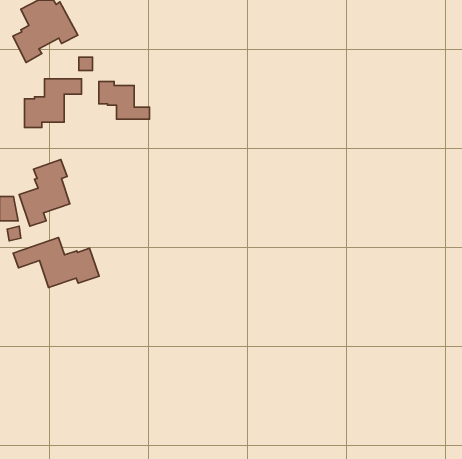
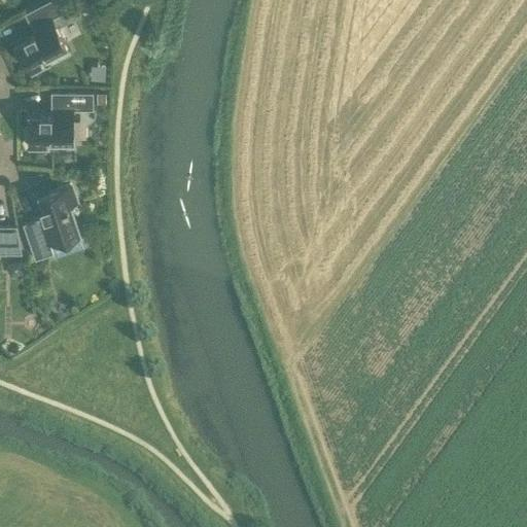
building: [99,81,150,119] -> none
building: [13,238,99,288] -> none

